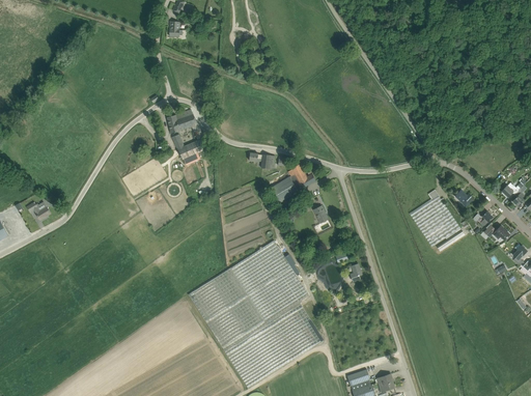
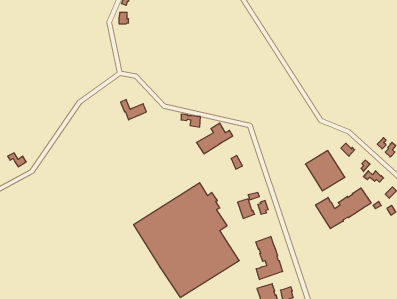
building: [167,109,198,134] -> none
building: none -> [316,188,371,229]
building: none -> [256,236,283,280]

